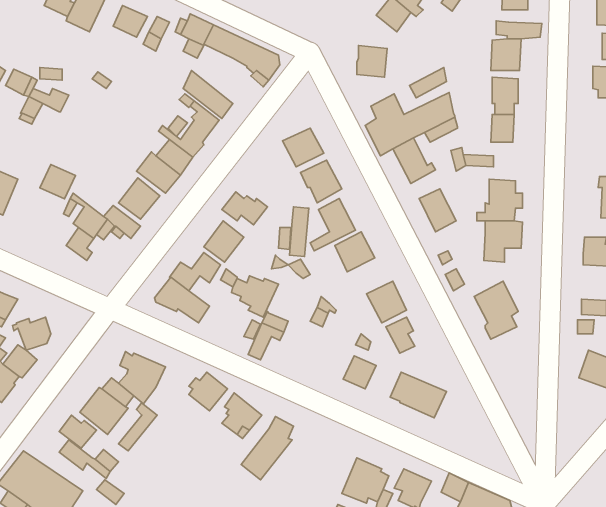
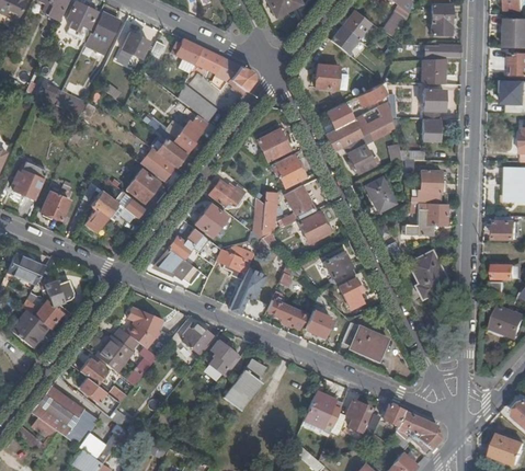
building: [40,164,76,199] -> [41,192,69,219]
building: none -> [266,299,306,328]

